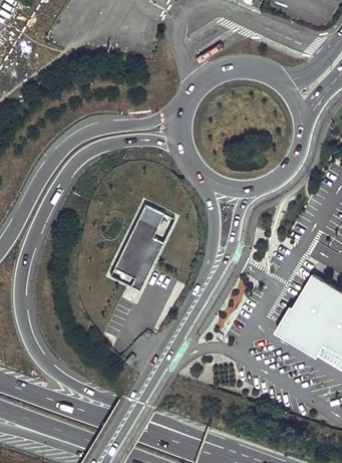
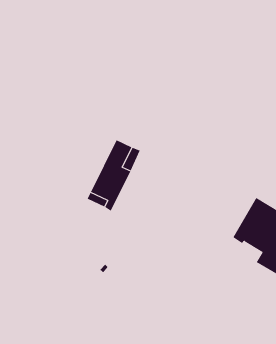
building: [274,307,318,355] -> none

